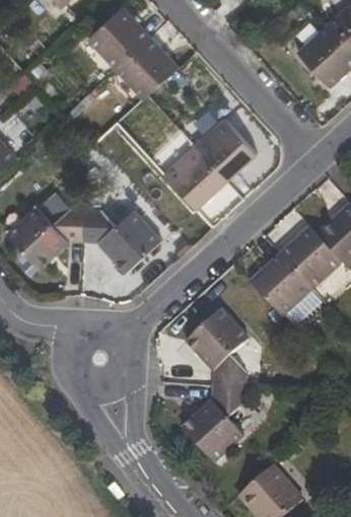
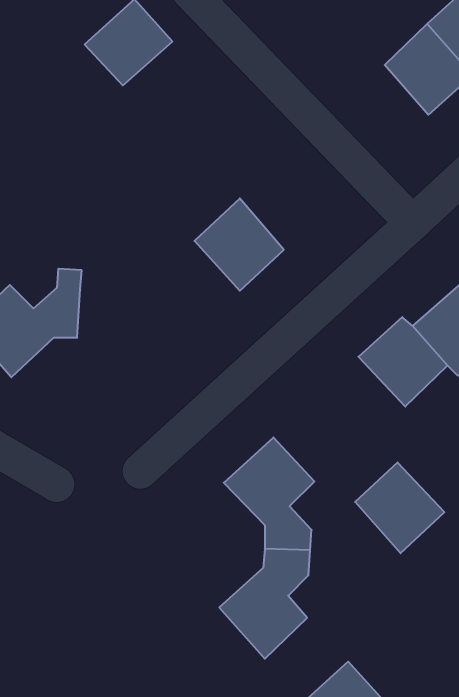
building: [115,35,178,98] -> none
building: [196,118,255,179] -> none
building: [83,207,159,272] -> none
building: [249,253,310,316] -> [355,462,444,553]

